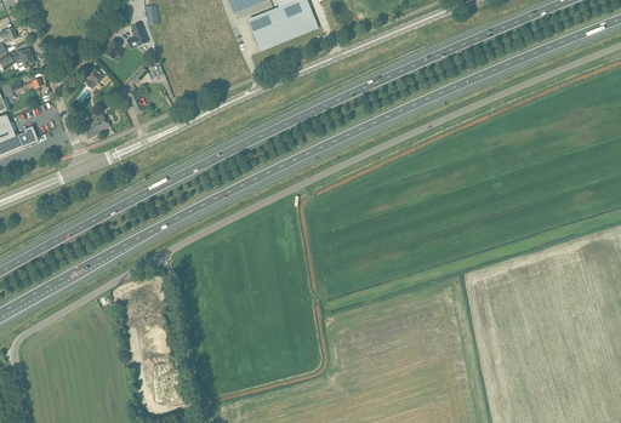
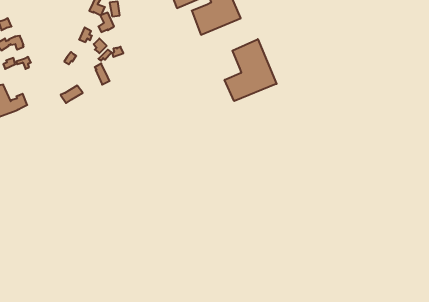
building: none -> [225,39,277,101]

